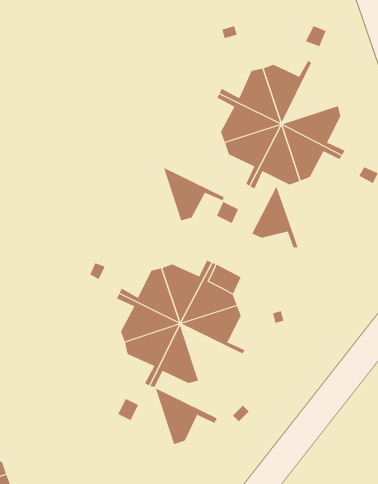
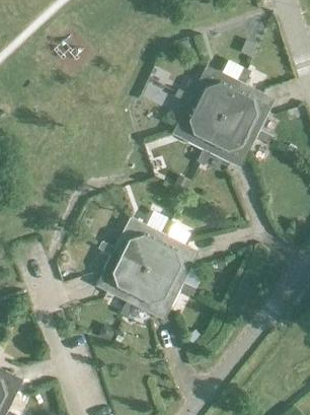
building: none -> [225,70,268,117]
building: [163,167,224,221] -> none
building: [251,186,298,248] -> none
building: [155,388,217,445] -> [148,269,196,313]

